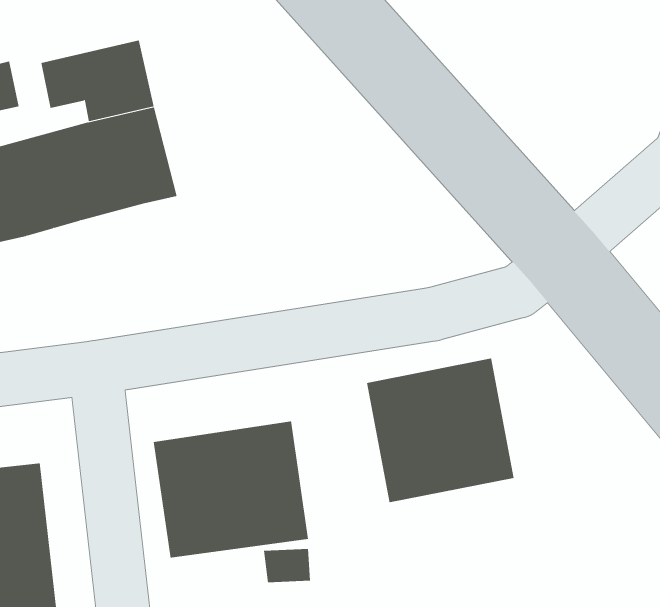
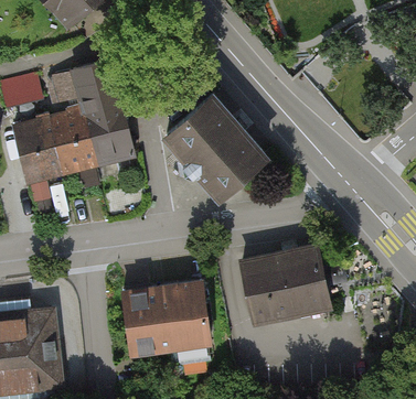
building: none -> [166,91,266,193]

